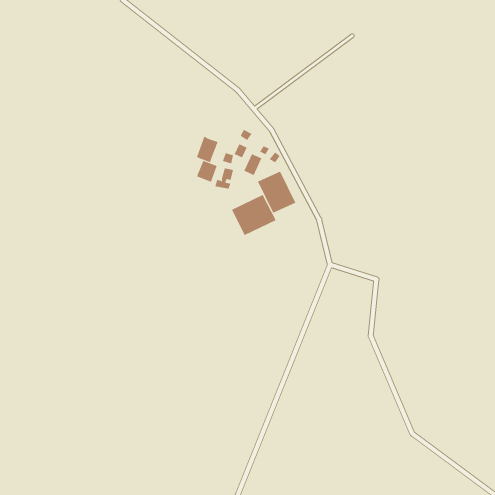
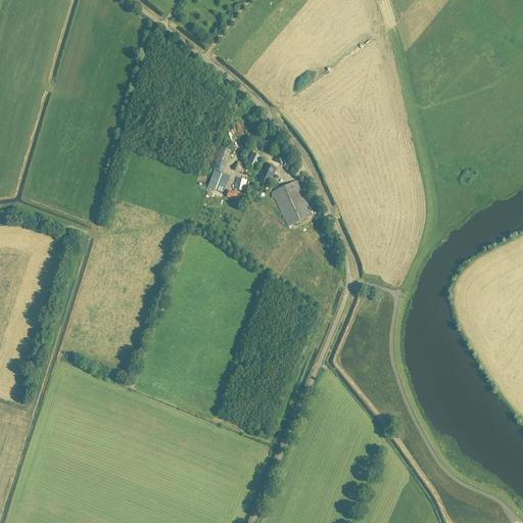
building: [231,194,276,236] -> none

